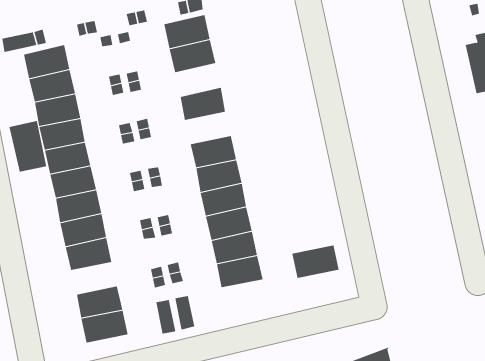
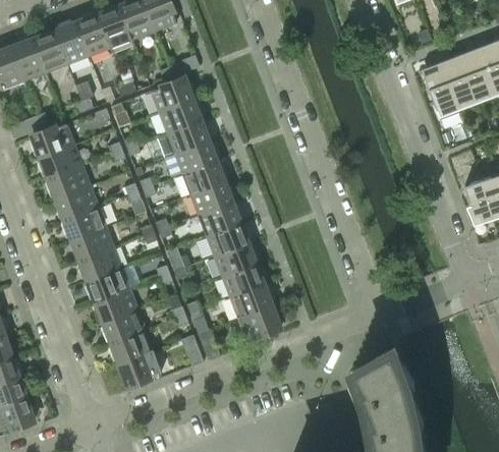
building: none -> [157,120,211,159]
building: none -> [182,162,226,195]
building: [9,120,47,172] -> none
building: [291,245,339,278] -> [237,305,282,340]
building: none -> [102,310,146,344]

